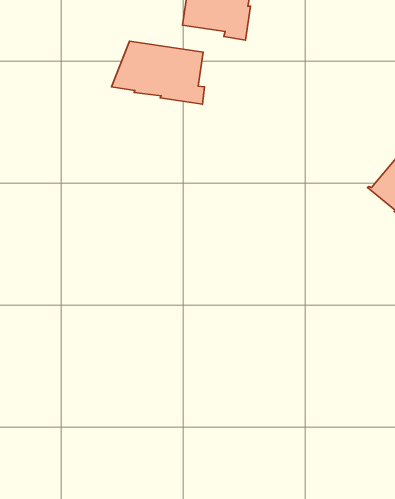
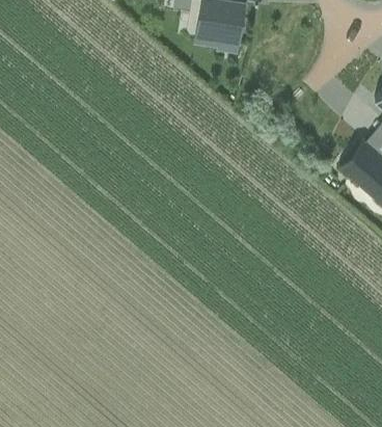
building: [111,41,204,104] -> none

